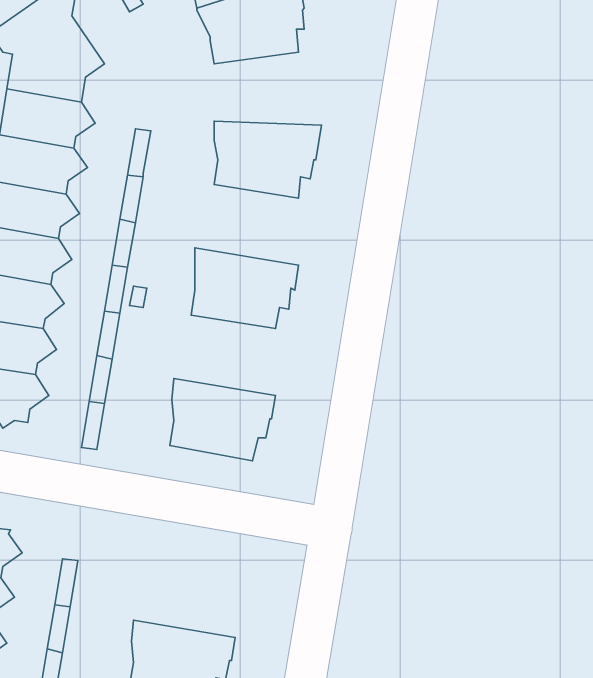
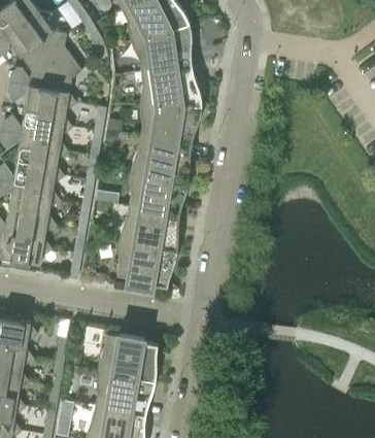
building: none -> [140,64,198,103]
building: none -> [130,135,187,178]
building: none -> [118,205,176,248]
building: none -> [97,334,155,378]

